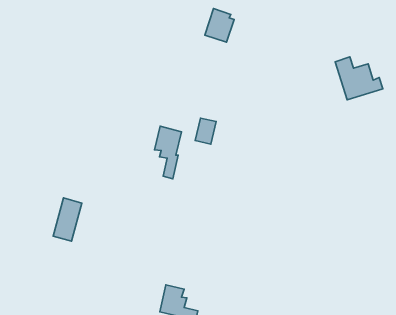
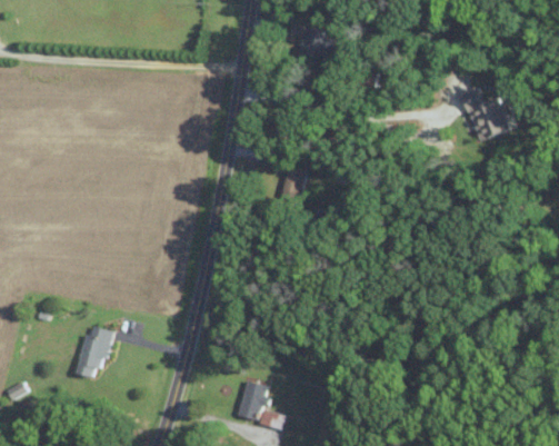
building: [155,126,181,179] -> none
building: [53,198,82,241] -> [74,324,111,379]

